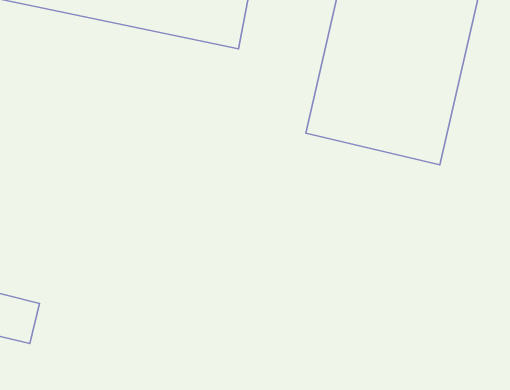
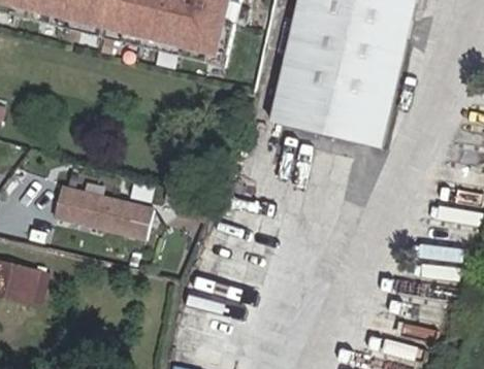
building: none -> [51,179,152,239]

